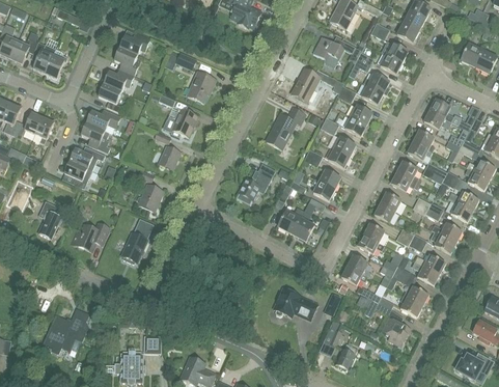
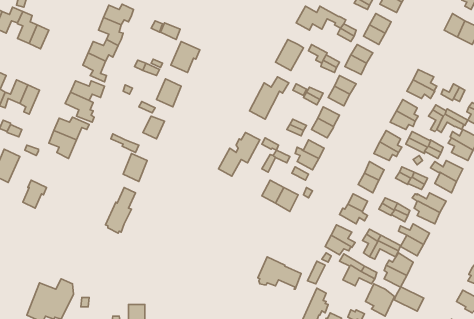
building: [72,222,110,250] -> none
building: none -> [394,287,424,311]

